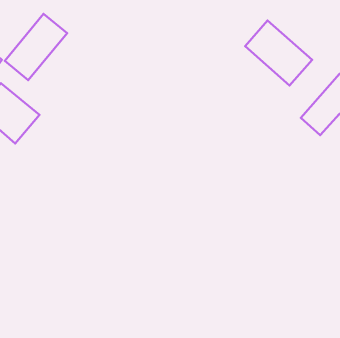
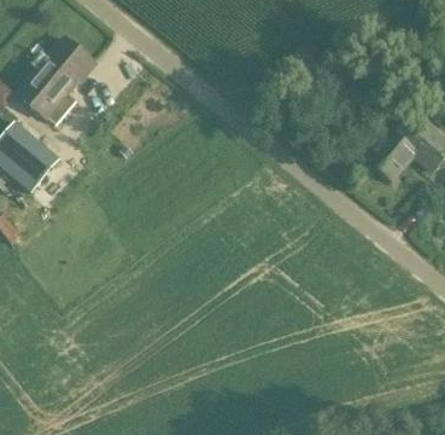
building: [245,21,312,86] -> none

